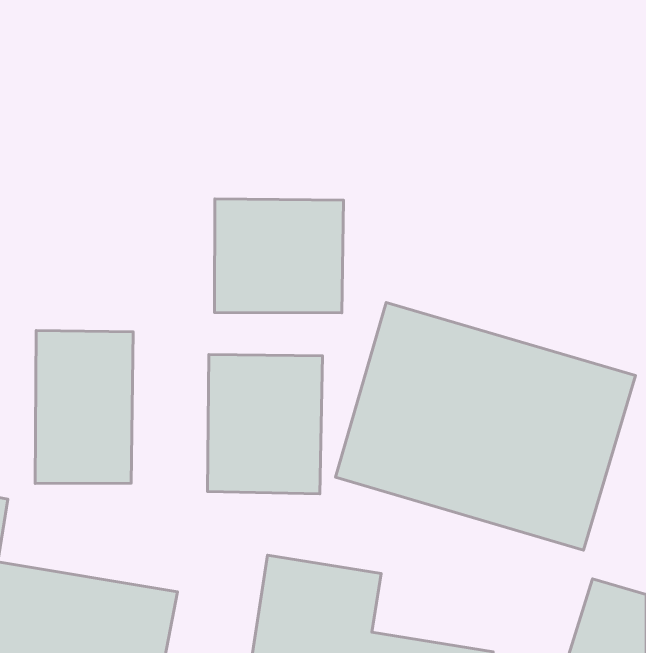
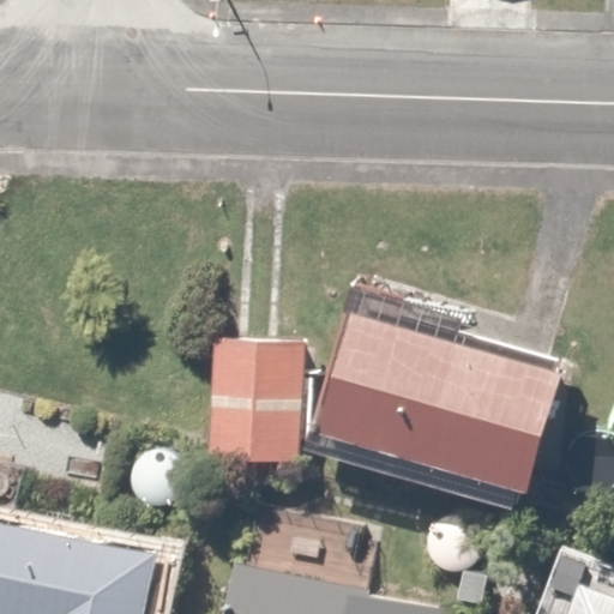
building: [215,199,344,313] -> none
building: [35,331,133,484] -> none

